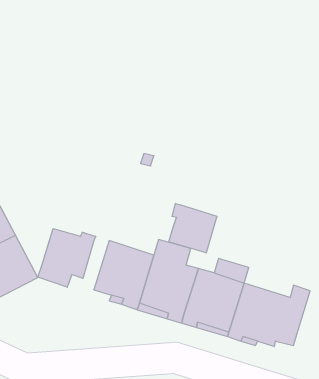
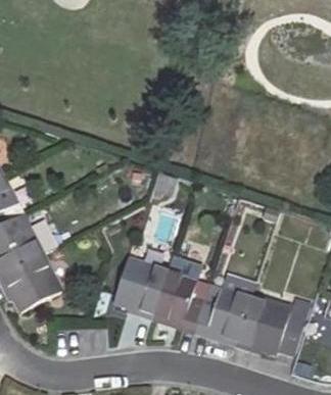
building: [169,203,217,253] -> none
building: [38,229,96,287] -> none

